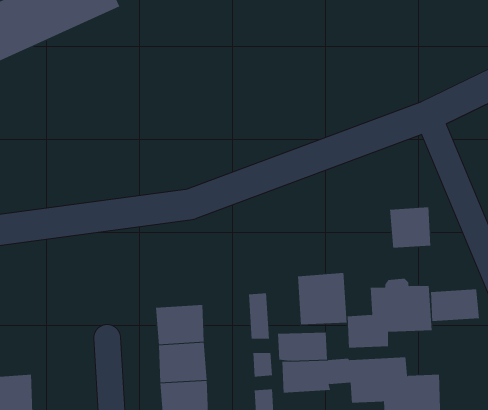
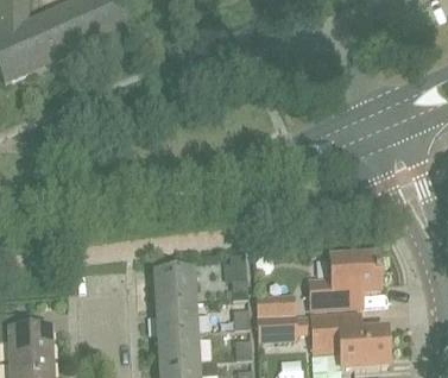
building: [389,207,431,249] -> none
building: [298,272,347,325] -> none
building: [431,289,479,322] -> none

